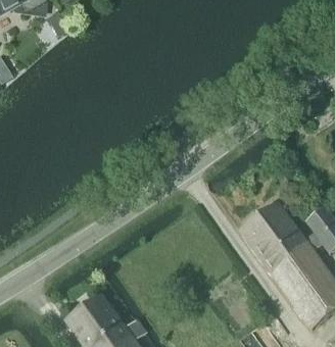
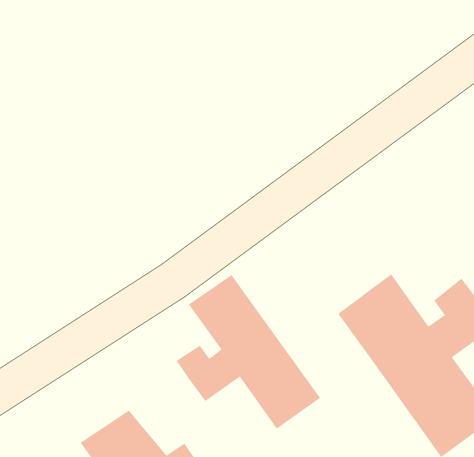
building: none -> [176,274,321,429]

